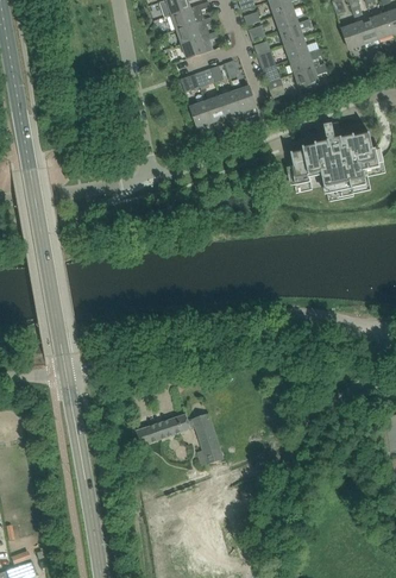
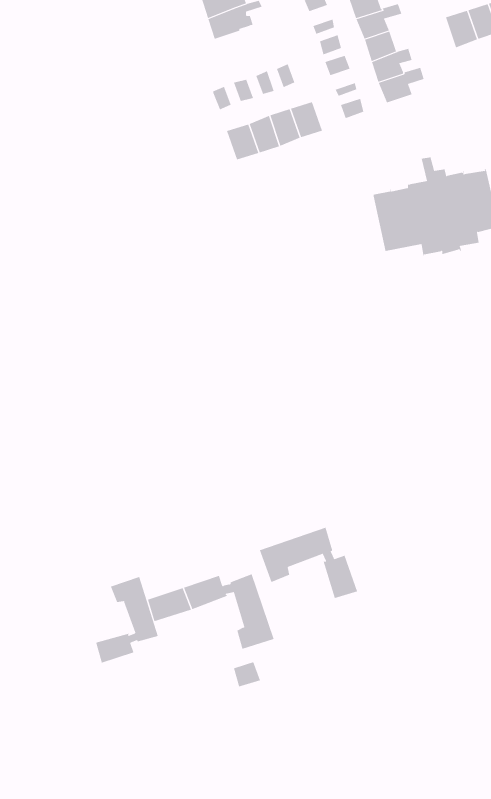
building: [178,30,219,57] -> none
building: none -> [259,527,358,599]
building: none -> [96,576,159,663]

